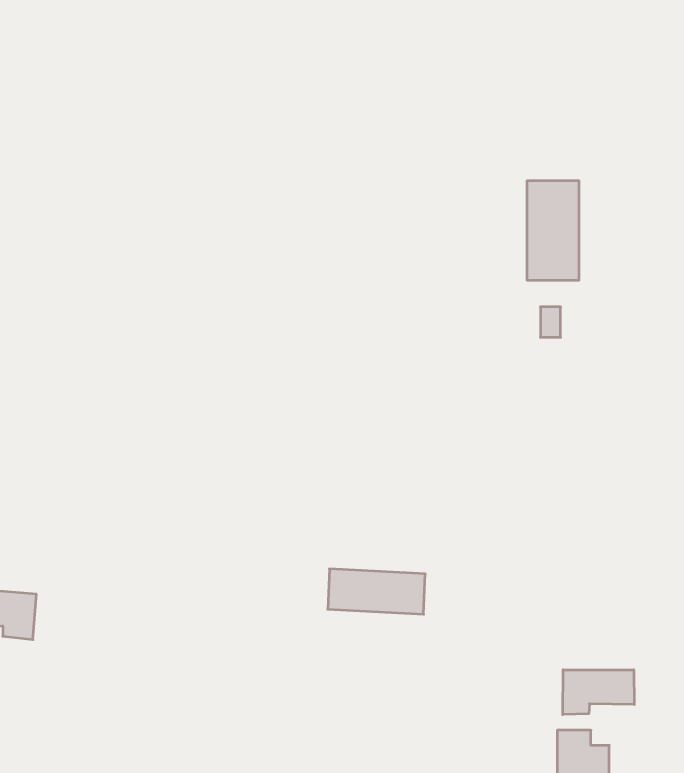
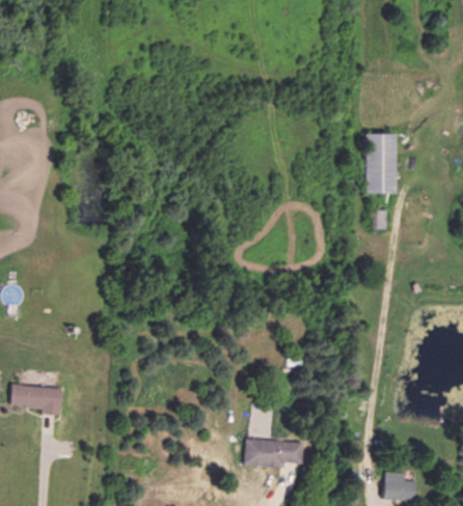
building: [328,569,425,614] -> [243,439,303,467]
building: [563,670,634,715] -> none

